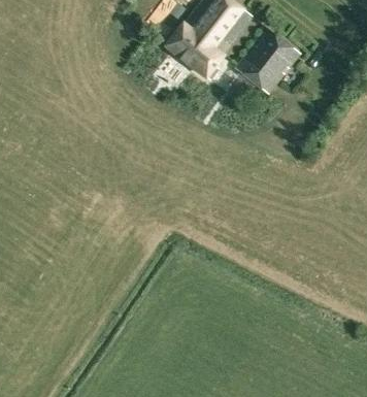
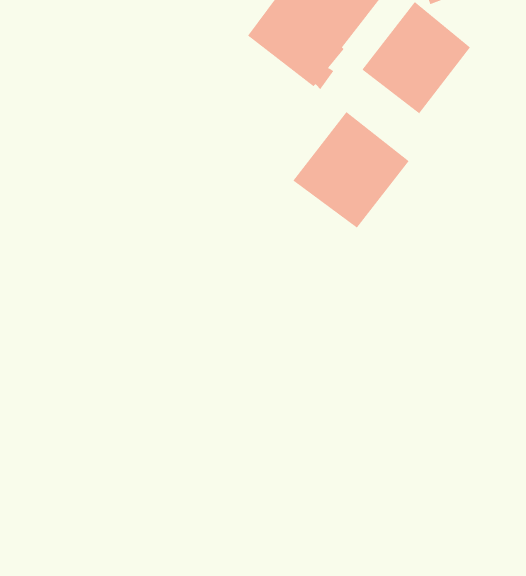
building: none -> [292,111,410,228]

